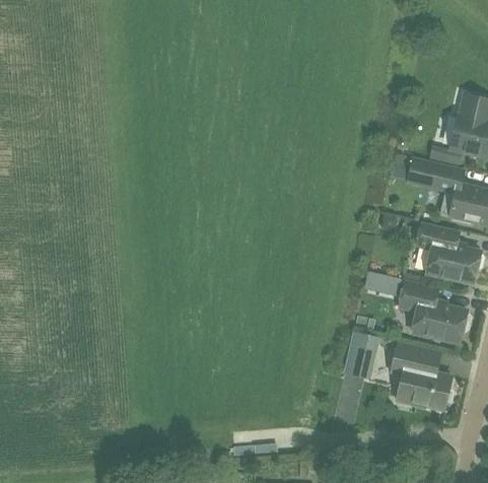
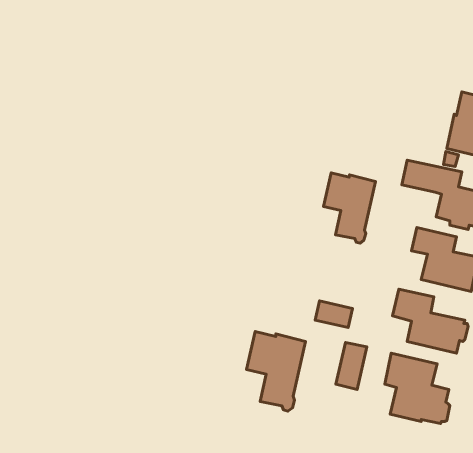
building: none -> [324,173,376,243]
building: [364,272,400,297] -> [315,301,353,328]
building: none -> [247,332,306,411]

